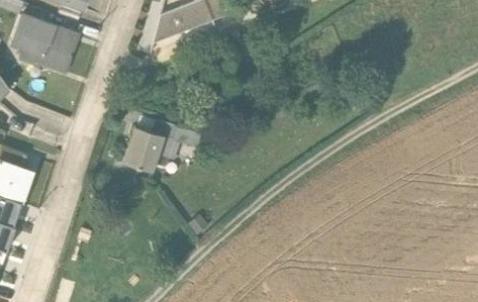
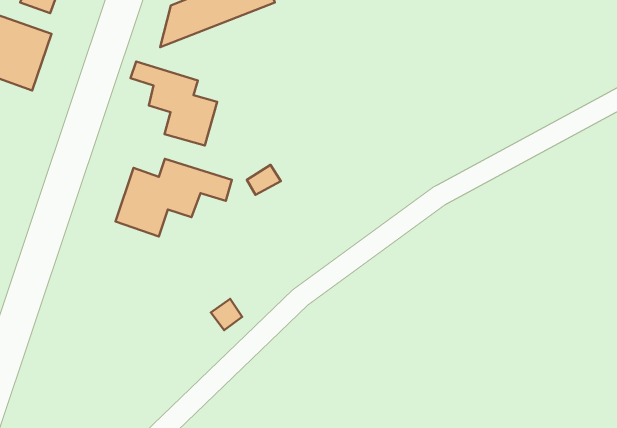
building: none -> [130,61,217,146]

